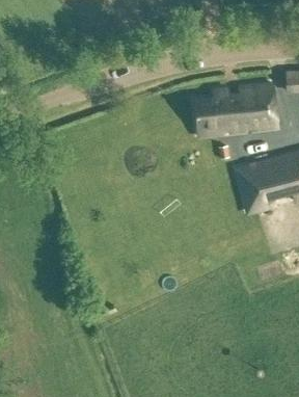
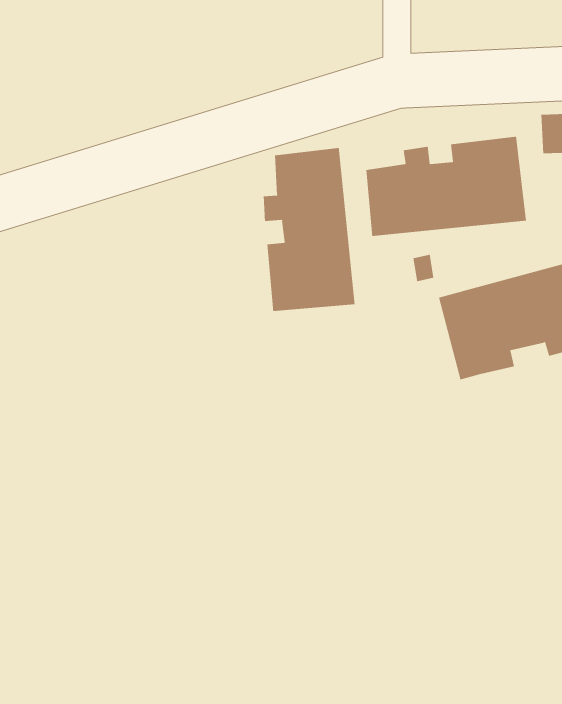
building: none -> [263,147,355,312]

